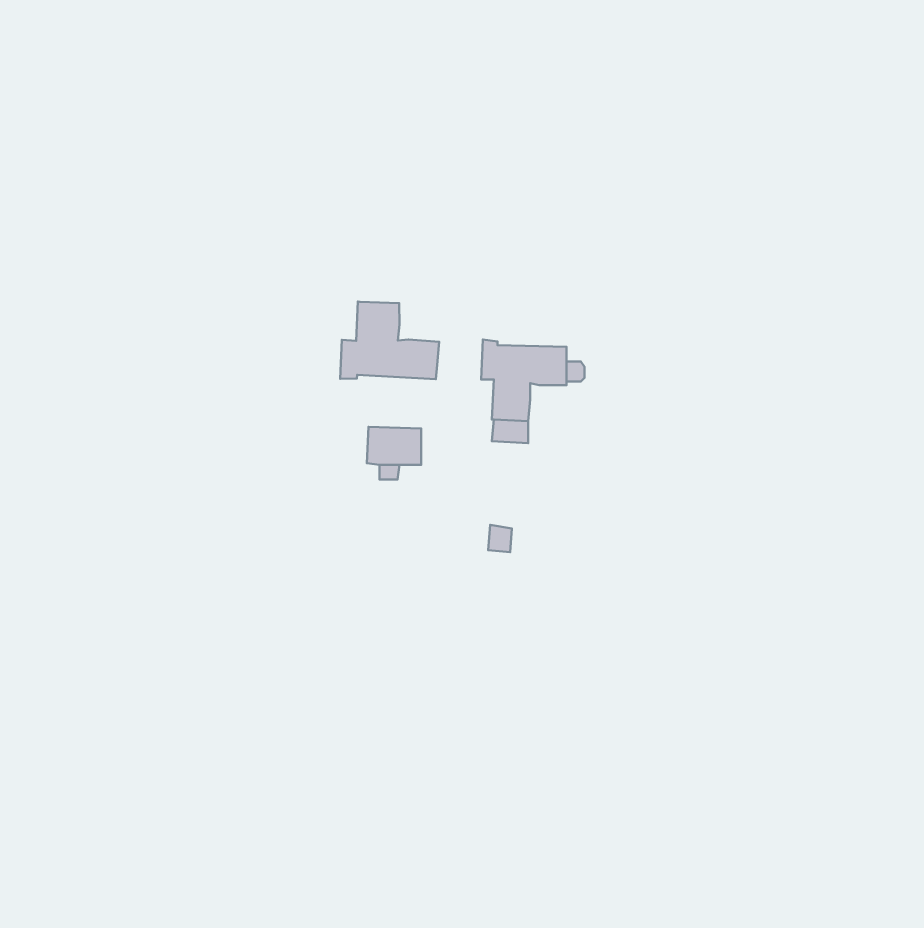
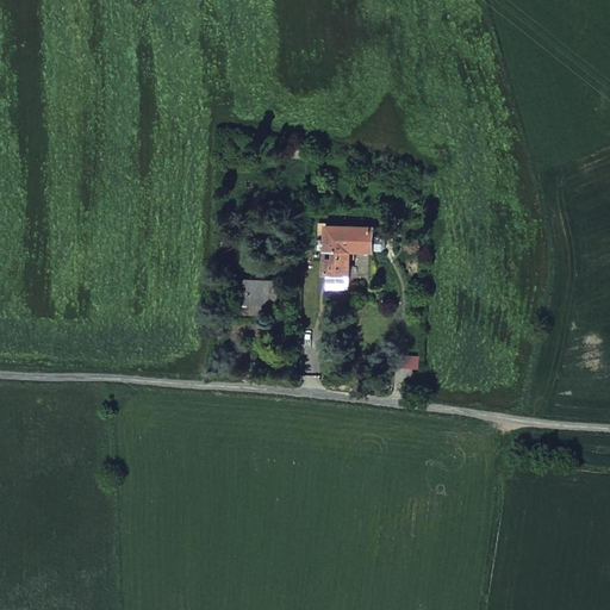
building: [340,302,439,379] -> none

